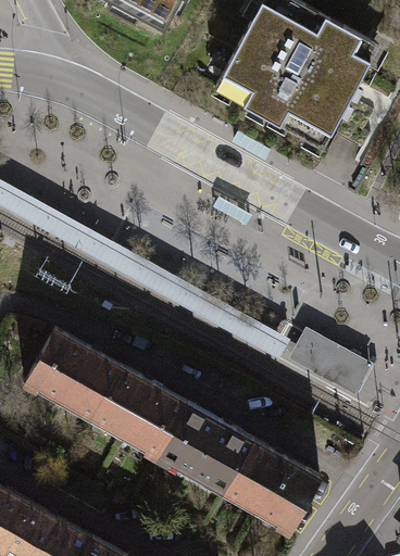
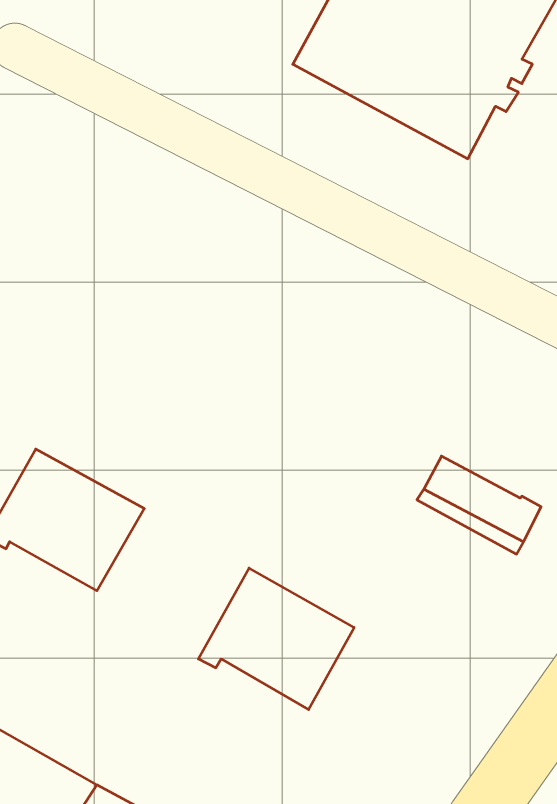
building: [92,367,187,460] -> none
building: [224,441,320,534] -> none

